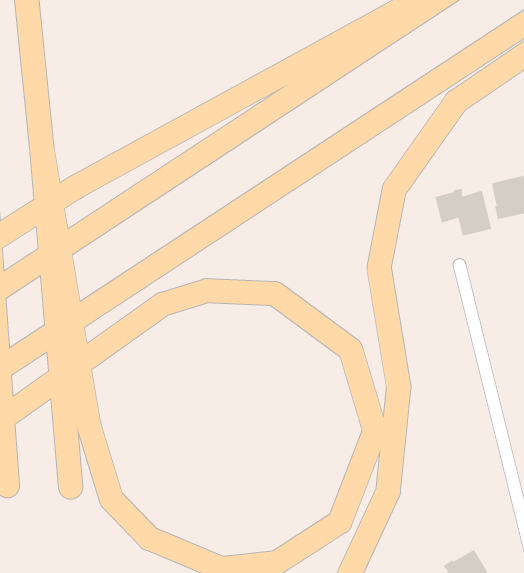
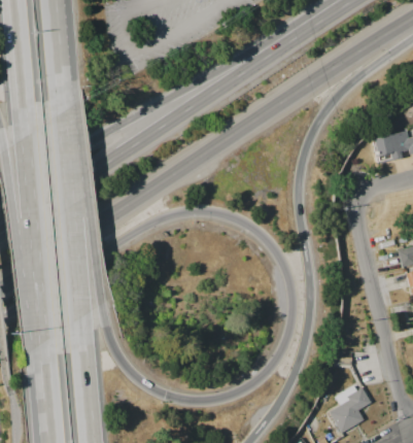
building: [435,188,492,236] -> none

